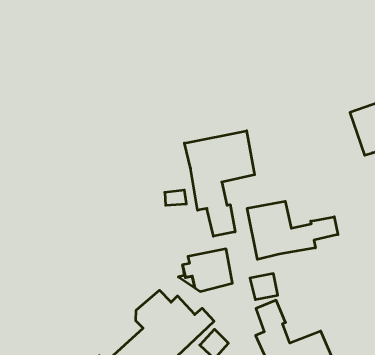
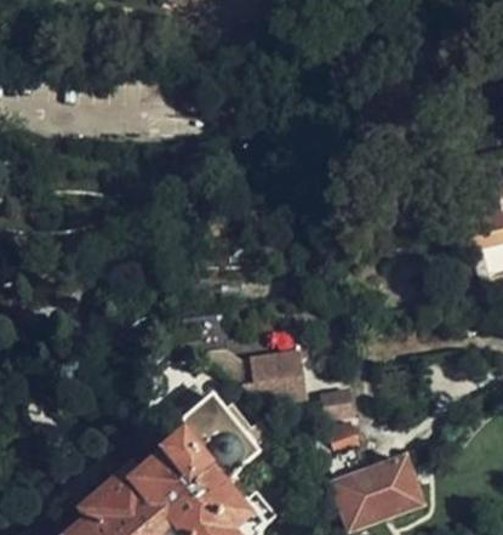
building: [184,131,255,236] -> none
building: [247,201,338,259] -> none

